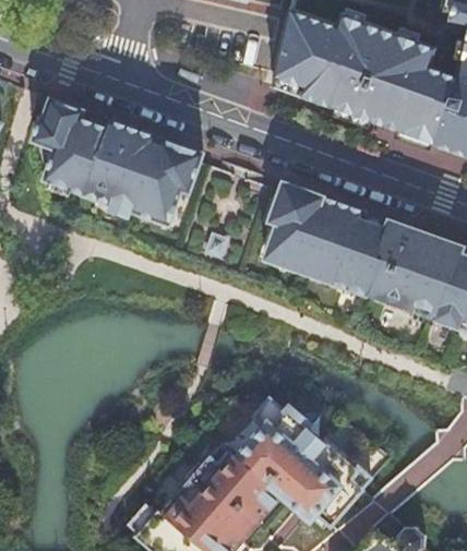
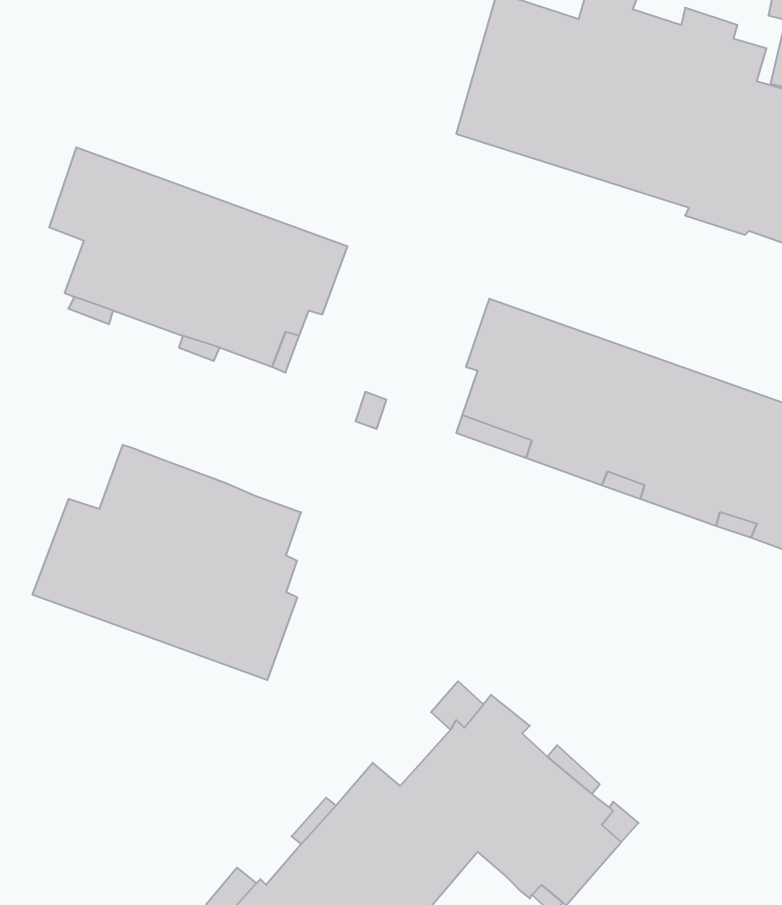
building: none -> [32,445,301,680]

